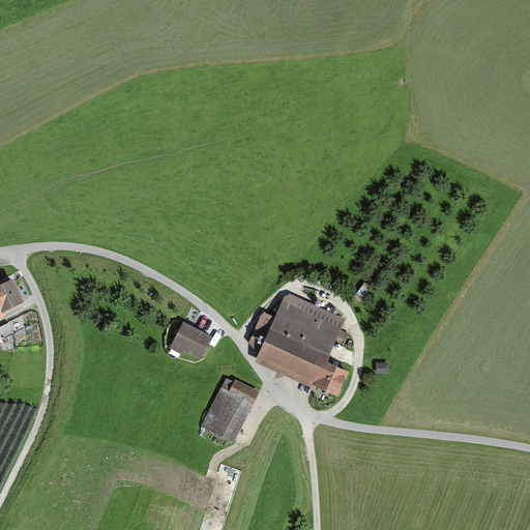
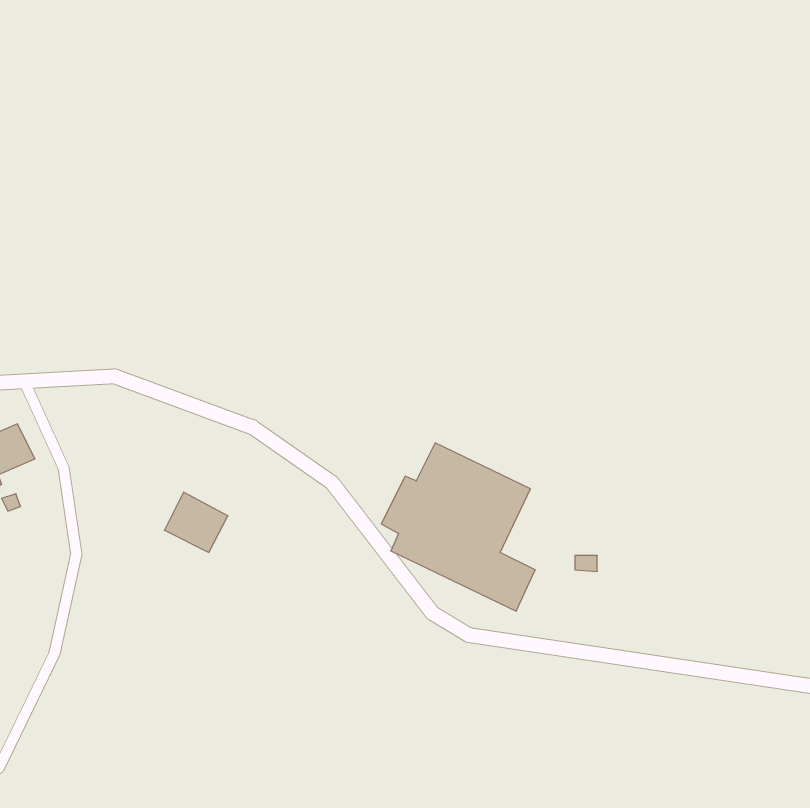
building: [171,321,212,360] -> [164,492,228,552]
building: [200,381,257,441] -> none

